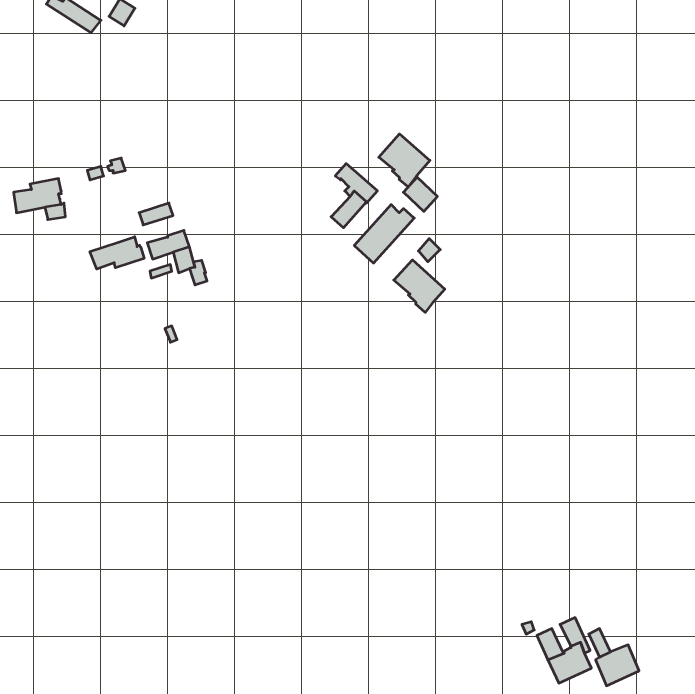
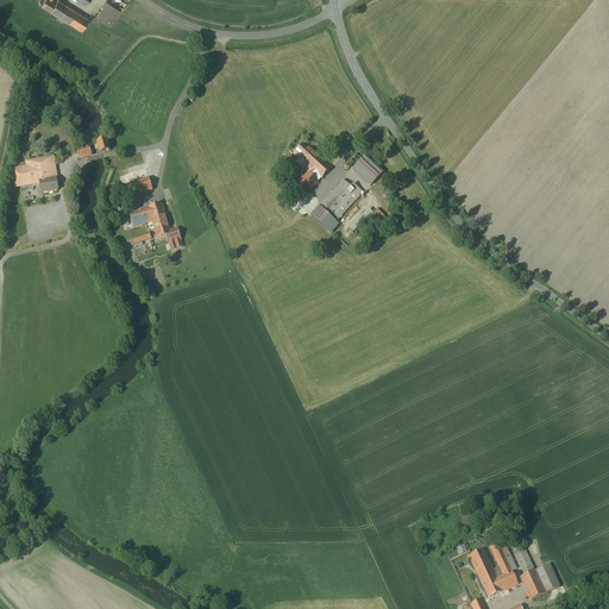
building: [379,134,430,187] -> none
building: [90,237,144,269] -> none
building: [394,260,445,312] -> none

